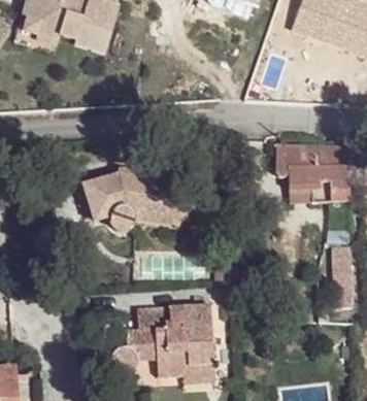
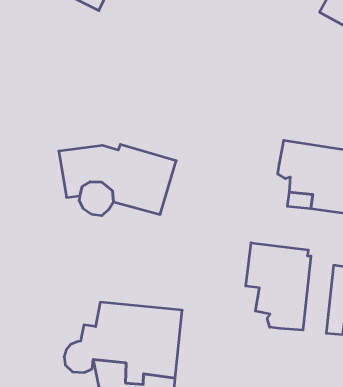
building: none -> [246,243,311,330]

